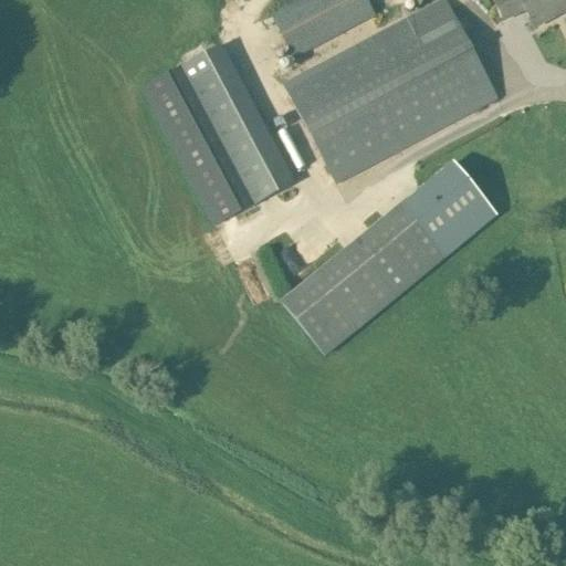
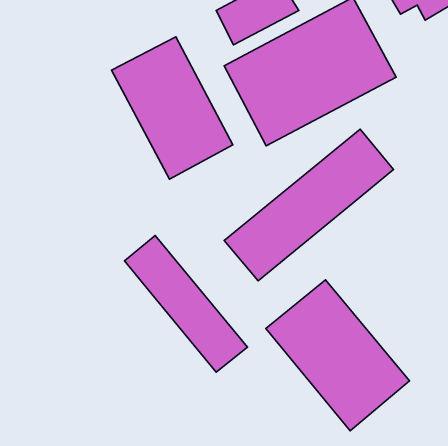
building: none -> [124,236,248,372]
building: none -> [266,280,410,431]

